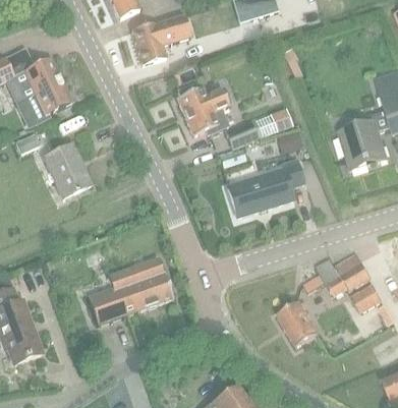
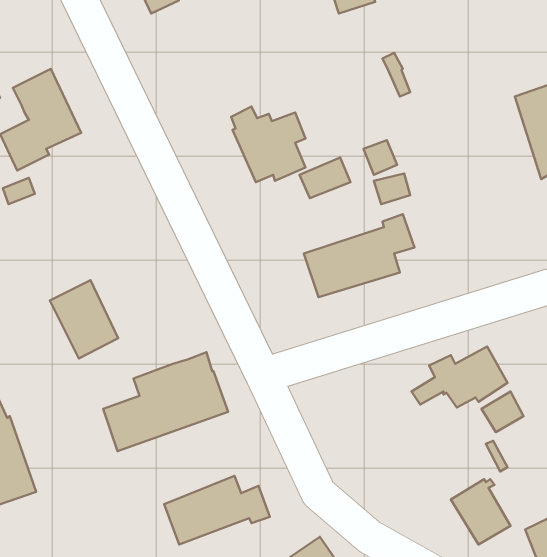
building: [132,16,190,64] -> none
building: [339,110,390,169] -> none
building: [43,142,91,197] -> [50,280,118,359]
building: [277,300,319,346] -> [451,479,510,545]
building: none -> [164,476,270,545]

